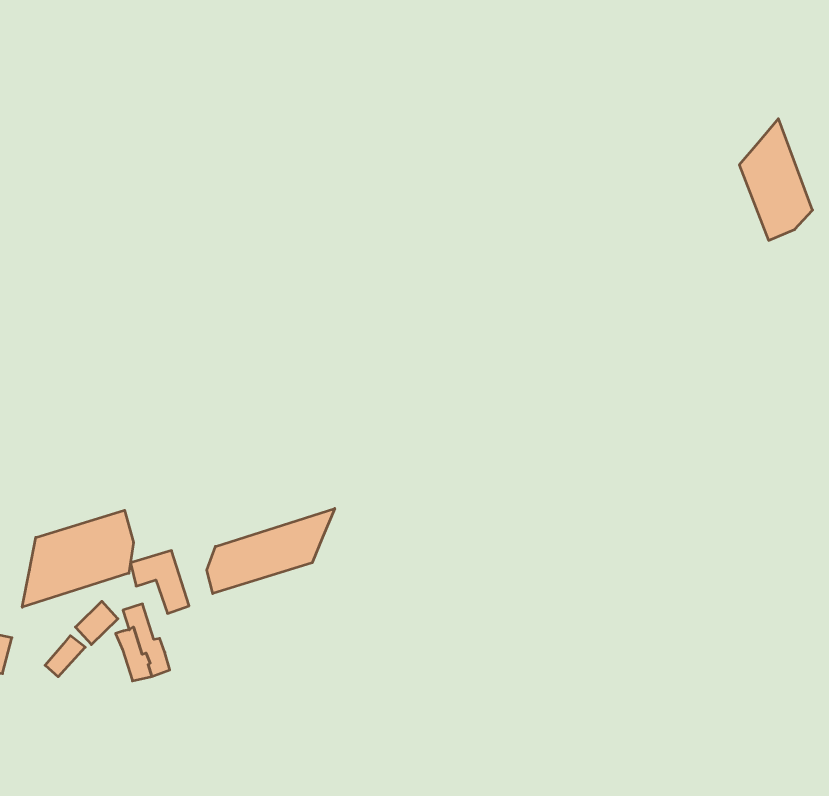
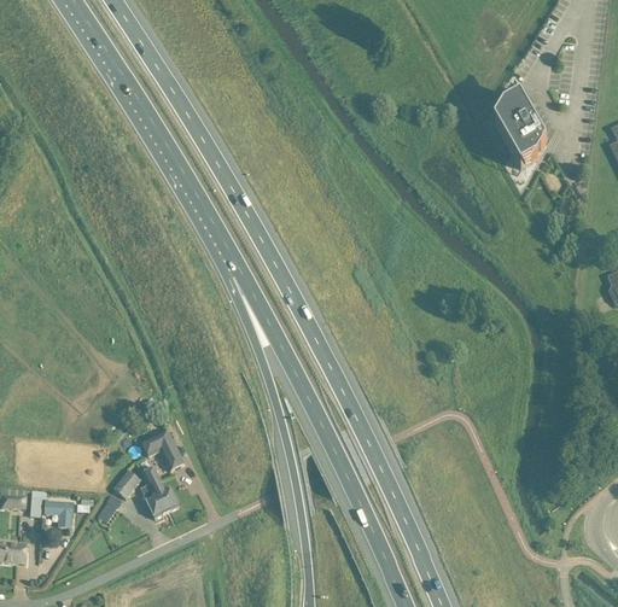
building: [207,508,335,594] -> none
building: [22,510,133,607] -> none

